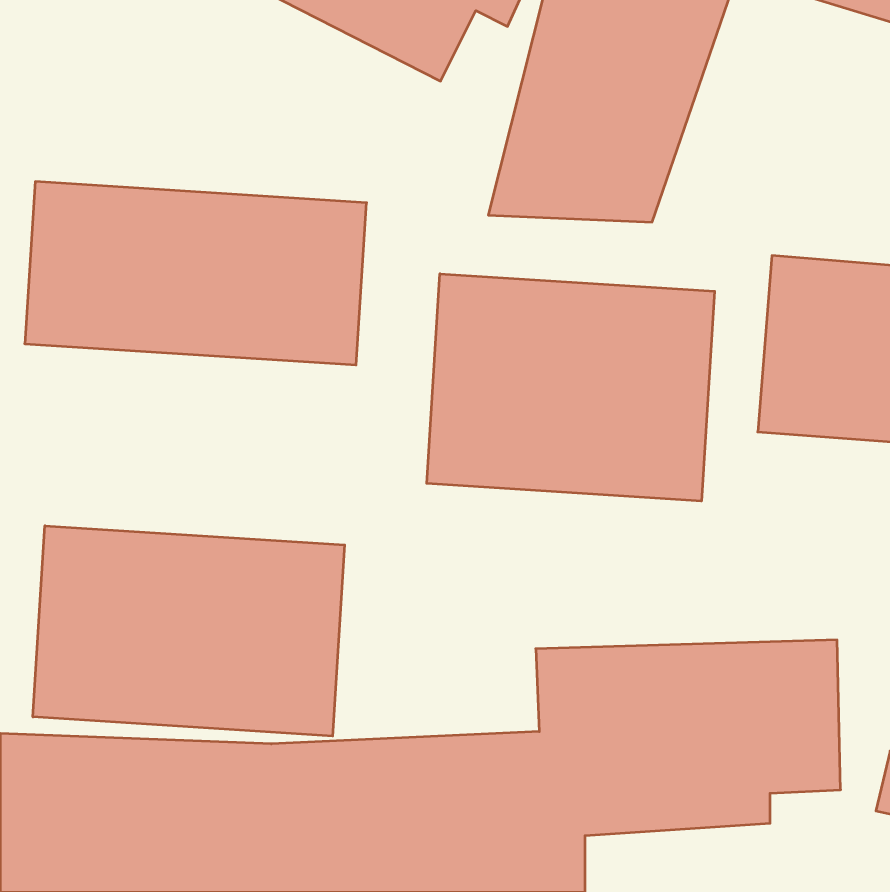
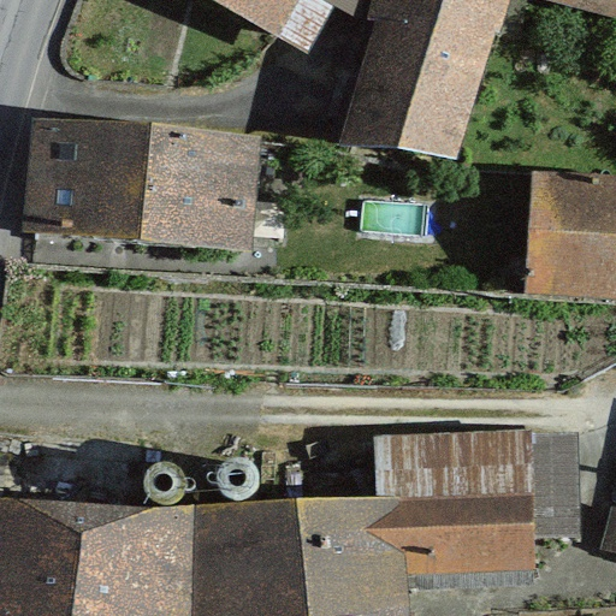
building: [427,274,715,501] -> none
building: [33,526,345,736] -> none

